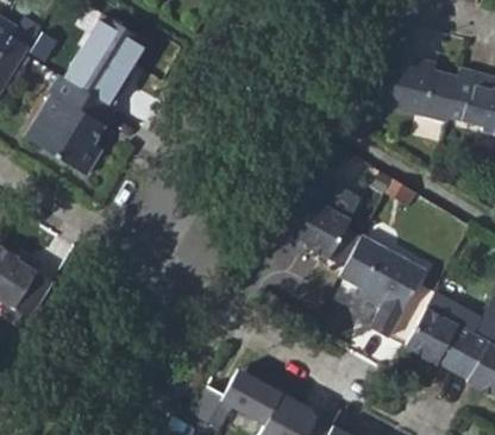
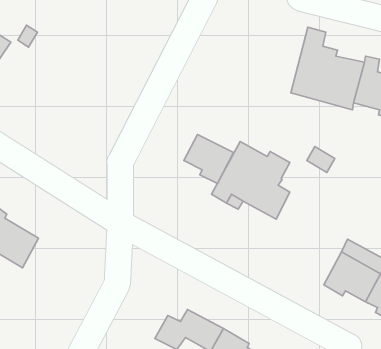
building: [75,19,143,93] -> none
building: [26,72,115,174] -> none
building: none -> [184,134,233,183]
building: [340,231,424,333] -> none

